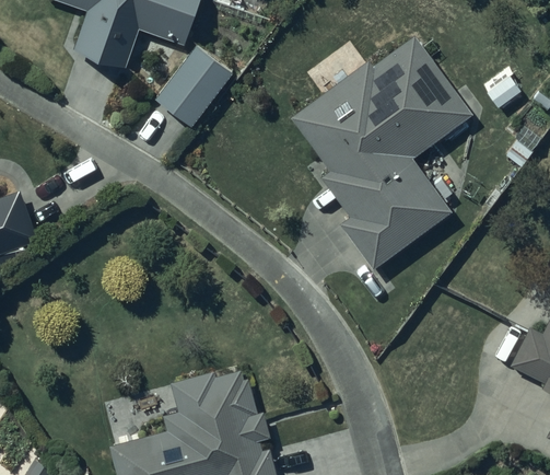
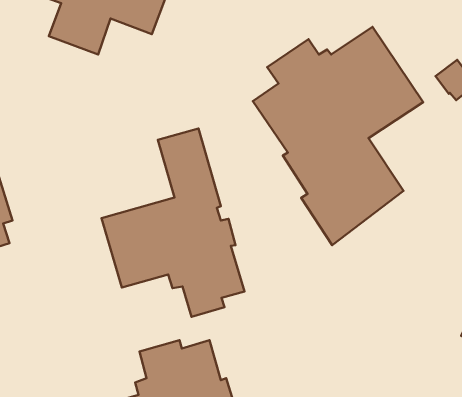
building: [156,45,233,126] -> none
building: none -> [102,128,244,317]

